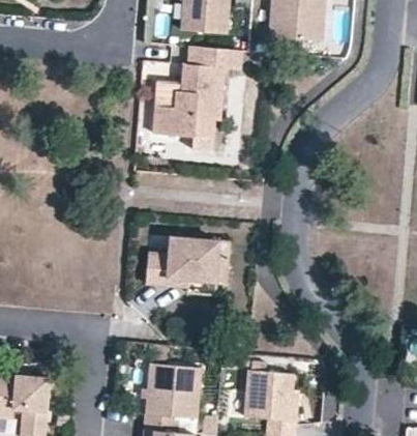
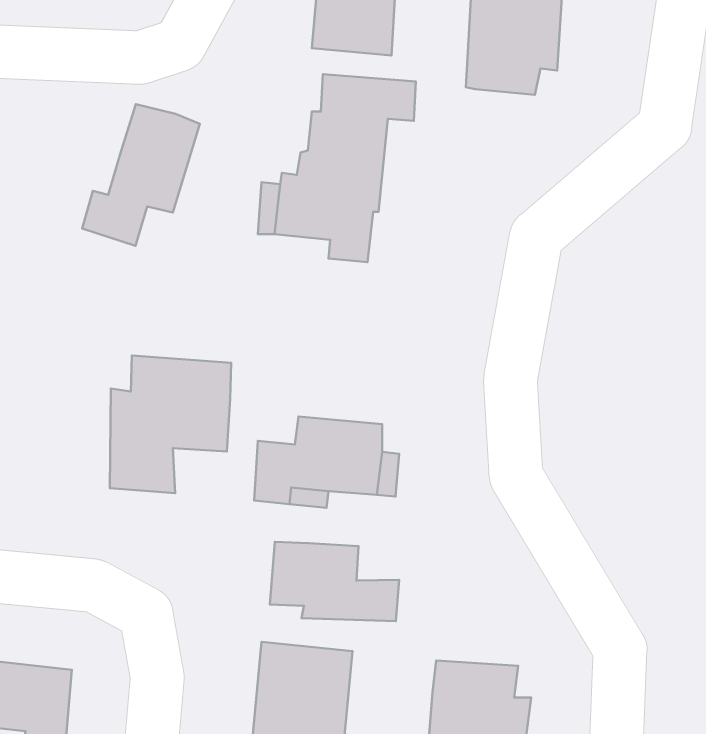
building: none -> [82,104,200,246]
building: none -> [110,355,231,493]
building: none -> [270,542,399,621]

